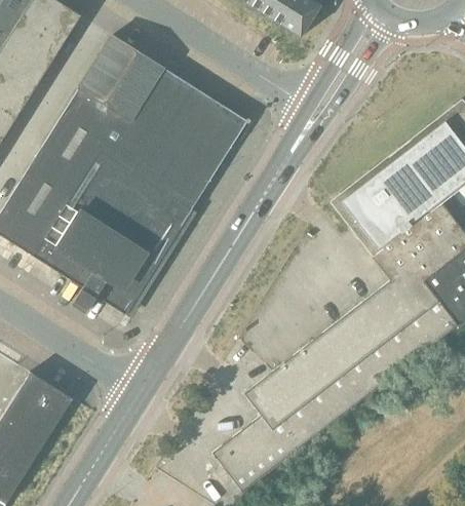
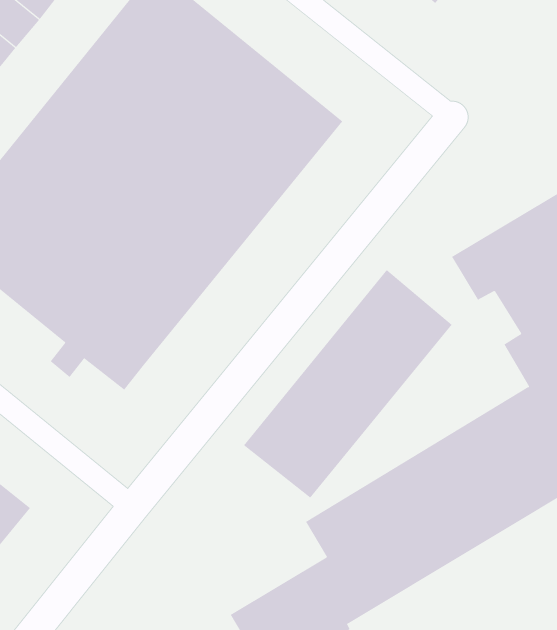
building: none -> [243,269,453,499]

